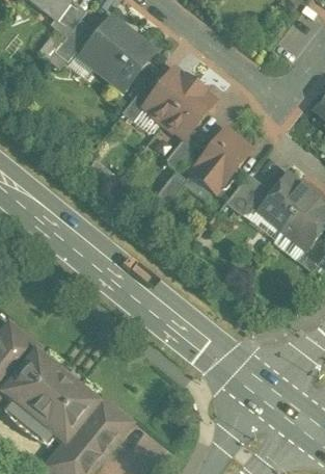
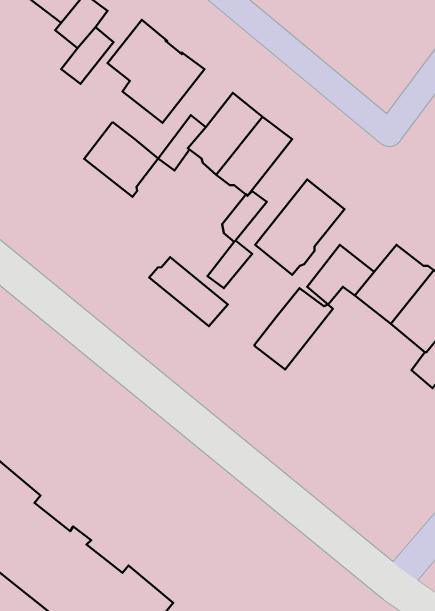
building: none -> [84,123,158,197]
building: none -> [149,257,228,326]
building: none -> [255,288,333,369]

